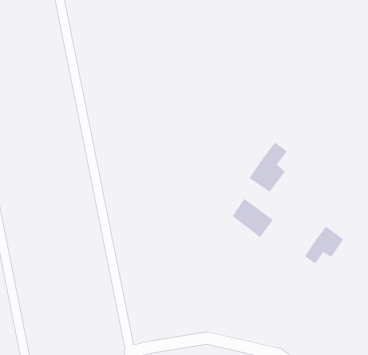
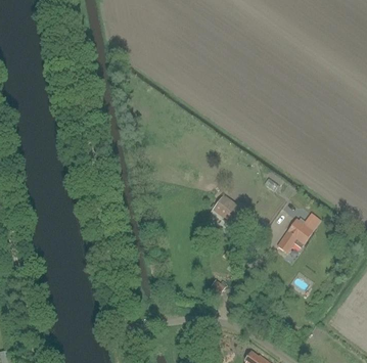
building: [248,142,288,193] -> none

